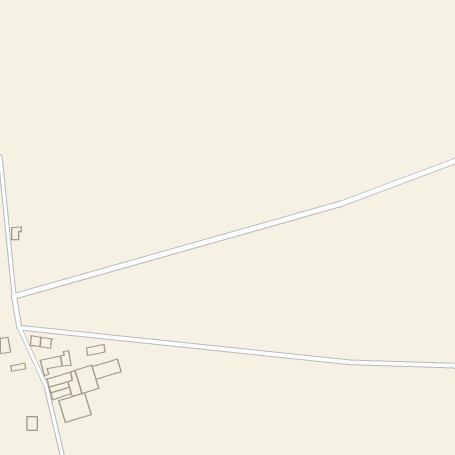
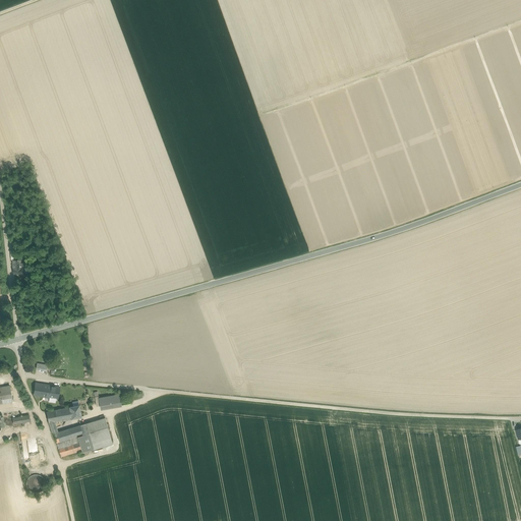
building: [92,359,121,380] -> none
building: [59,393,91,423] -> none

